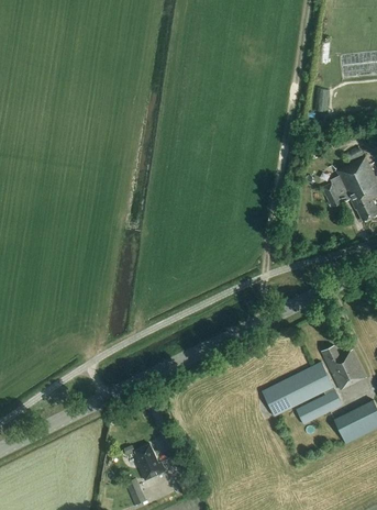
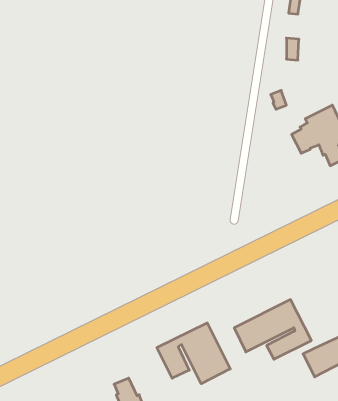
building: [323,344,366,389] -> none
building: none -> [157,323,230,384]

